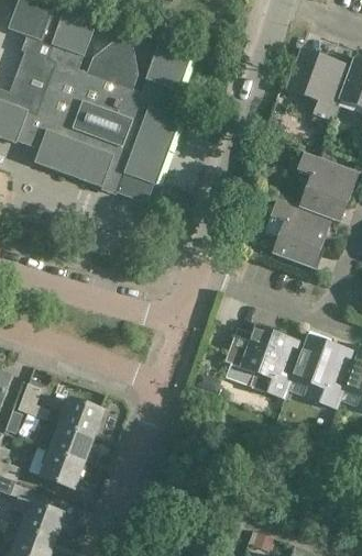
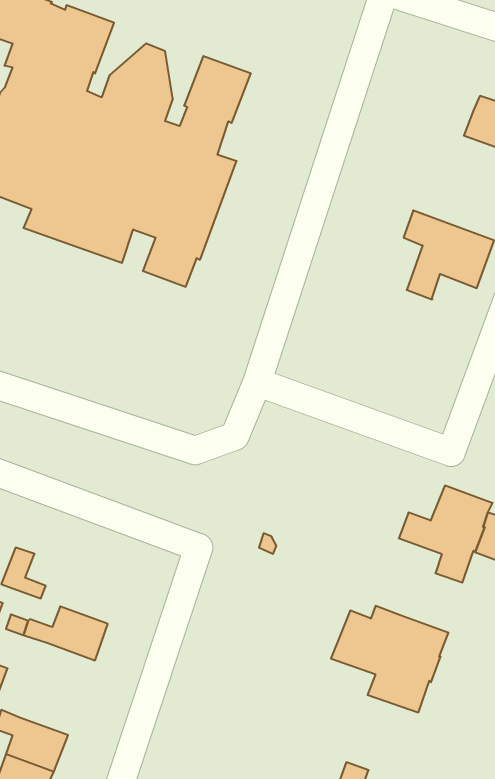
building: [285,47,351,121] -> none
building: [270,197,332,268] -> none
building: [223,324,305,398] -> [331,606,449,712]
building: [58,397,101,436] -> none
building: [40,449,83,488] -> none

